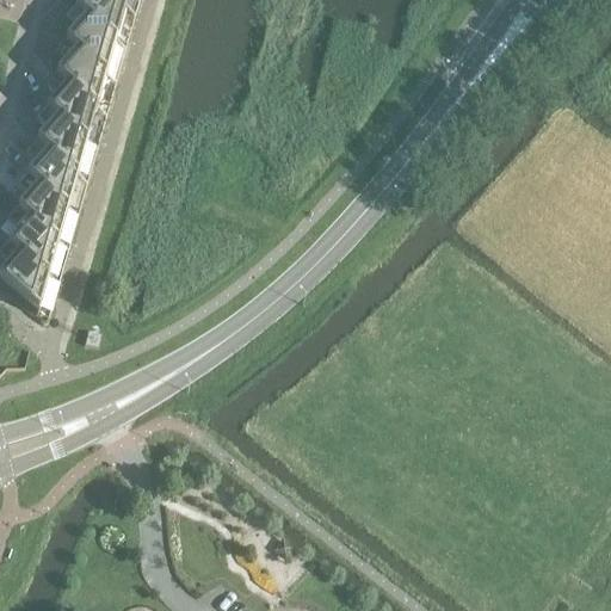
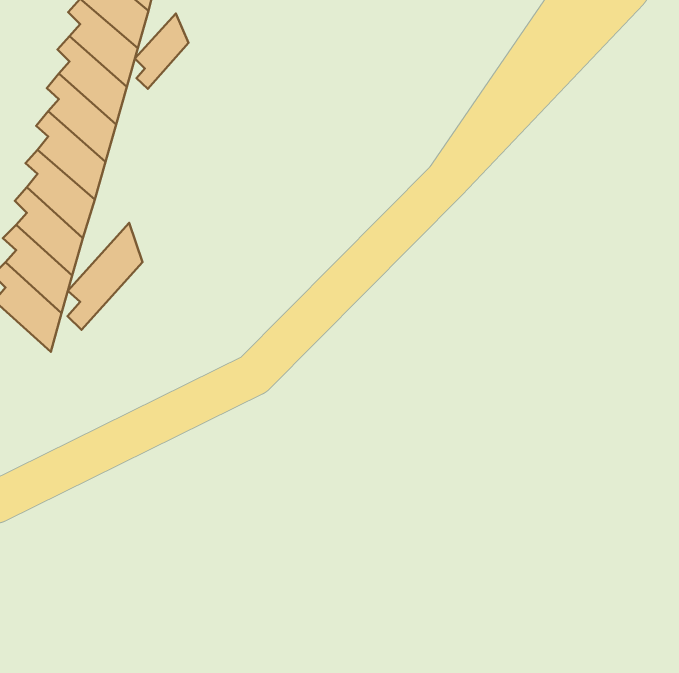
building: none -> [135,13,188,89]
building: none -> [67,223,143,330]

